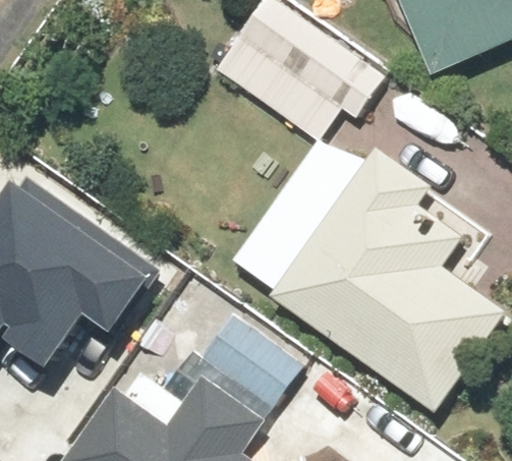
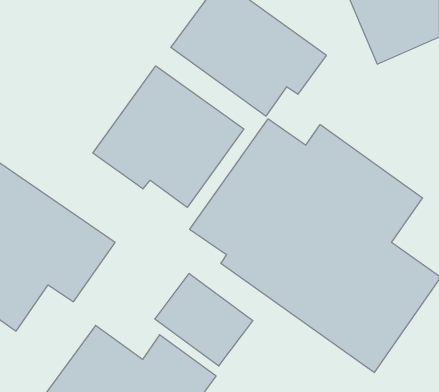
building: none -> [93,66,244,207]

